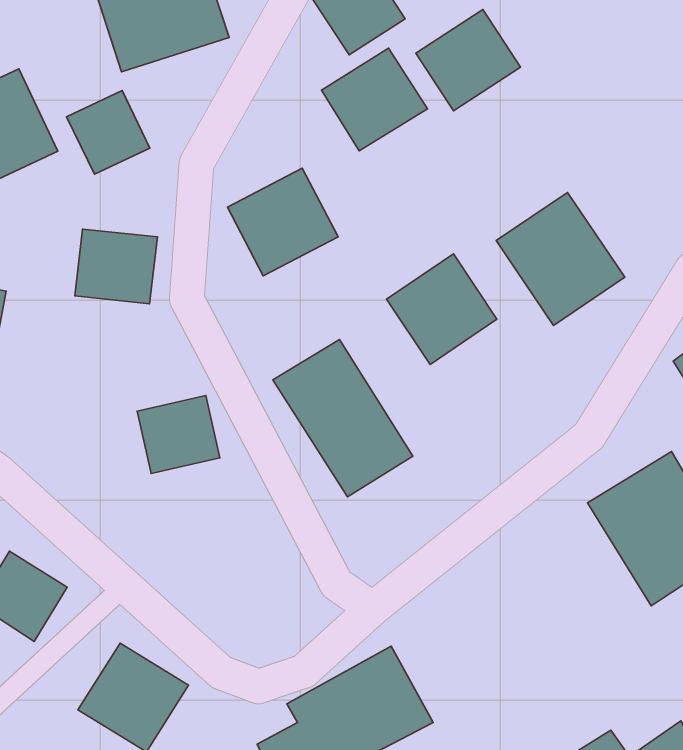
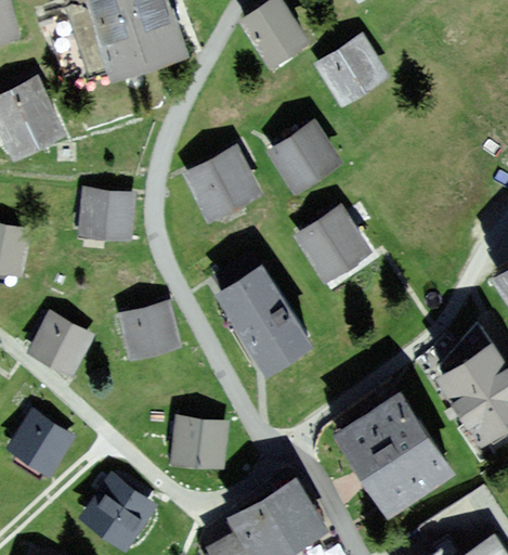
building: [322,48,428,151] -> [266,121,340,193]
building: [67,91,150,174] -> none
building: [496,192,625,325] -> none
building: none -> [29,311,94,372]
building: none -> [334,390,456,518]
building: none -> [170,415,229,469]

